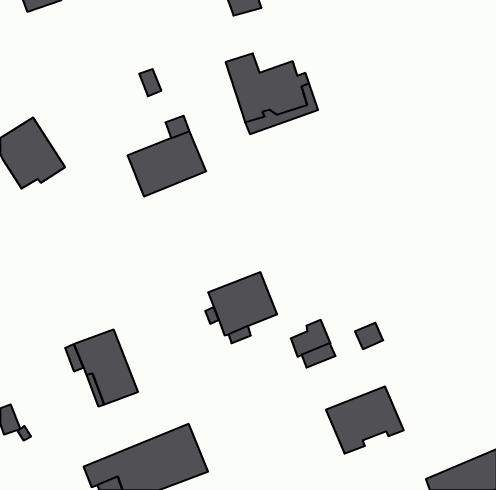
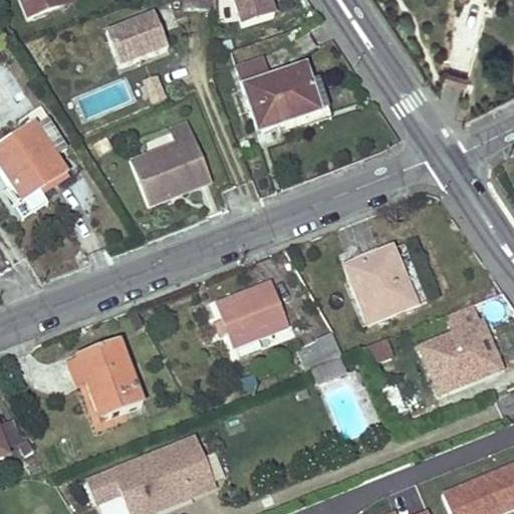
building: none -> [105,8,168,62]
building: none -> [346,247,414,320]
building: [326,387,404,454] -> [422,321,502,391]

